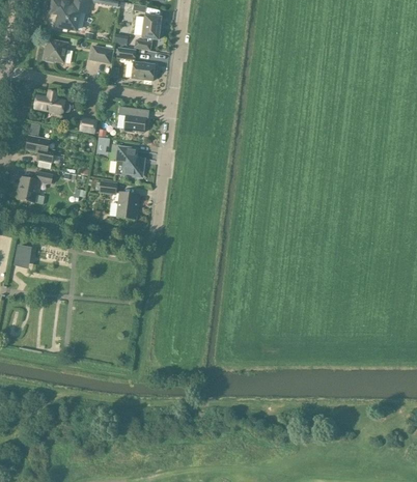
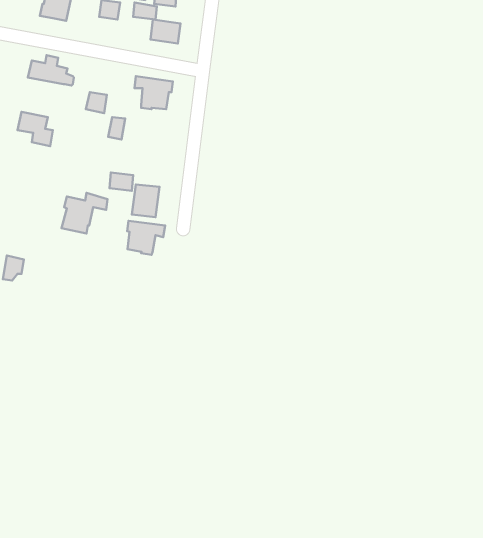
building: [117,147,143,176] -> none
building: [17,171,53,203] -> [62,193,108,234]
building: none -> [127,221,165,255]

